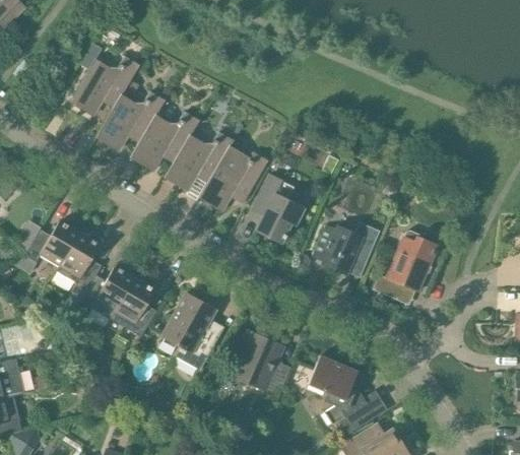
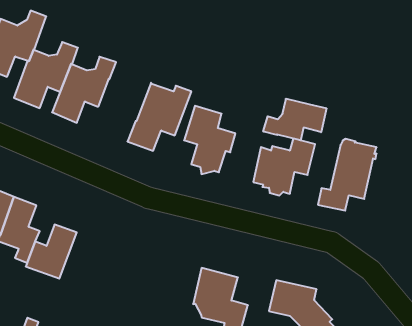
building: [165,131,235,191] -> none
building: none -> [263,99,326,140]
building: [110,276,155,336] -> none
building: [161,292,218,370] -> none

